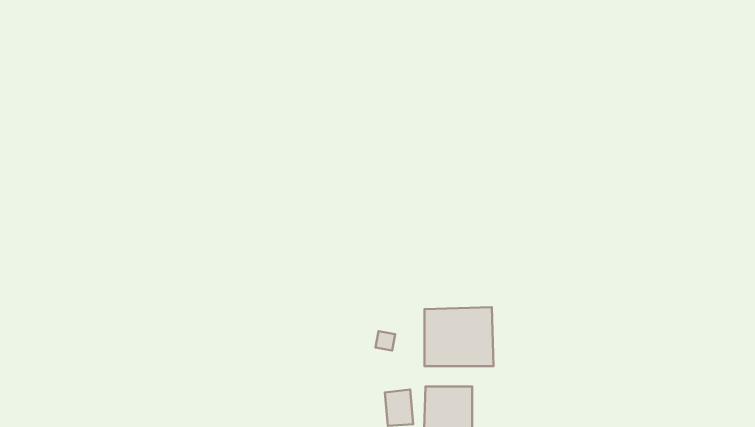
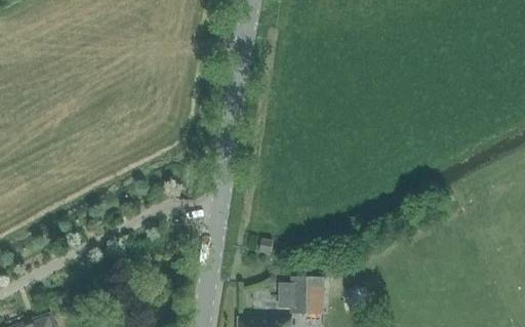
building: [425,307,494,366] -> none

